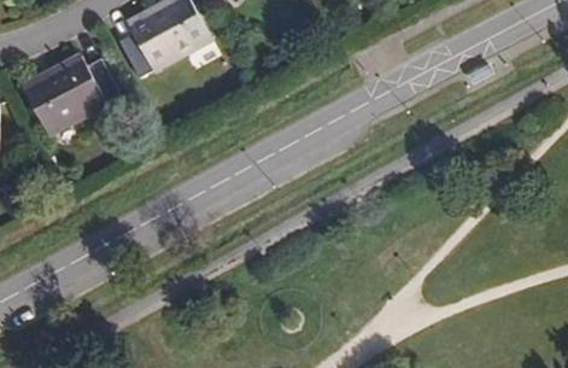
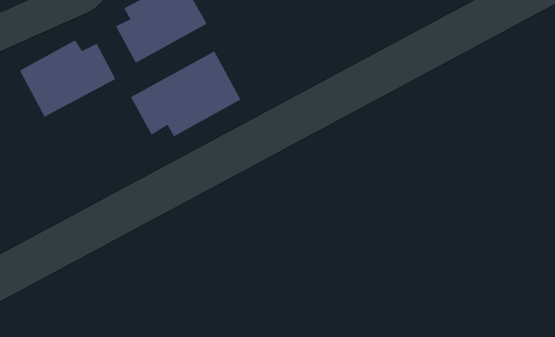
building: none -> [130,50,241,137]

